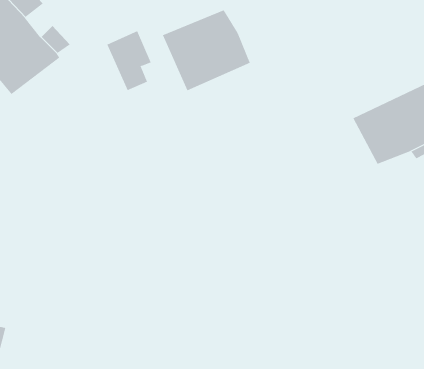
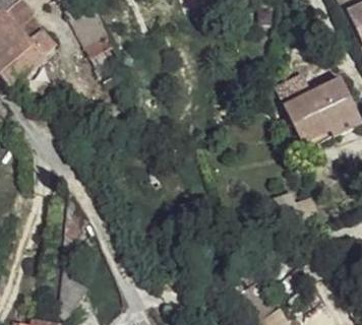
building: [162,9,250,91] -> none

